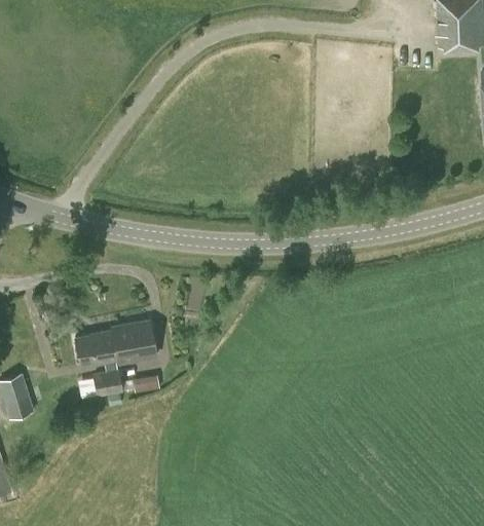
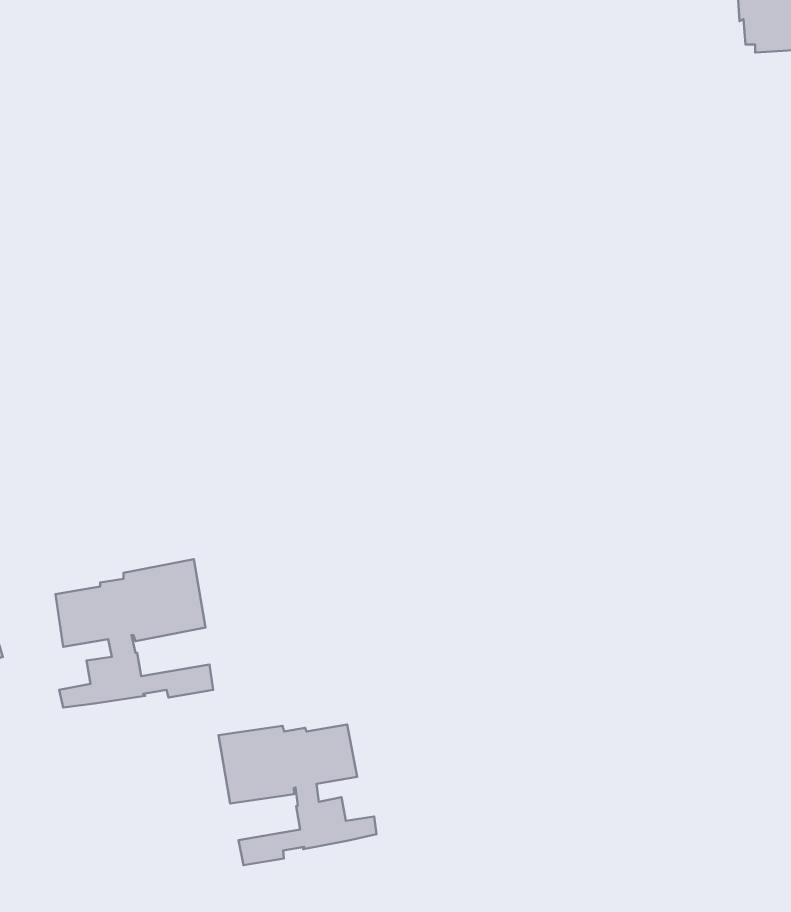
building: none -> [218,725,376,865]

